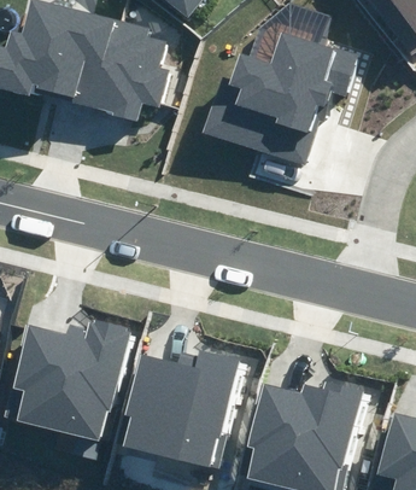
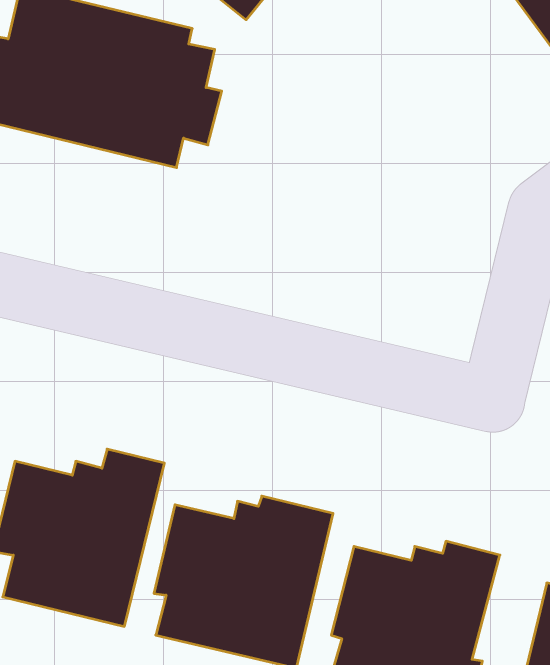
building: [204,31,358,165] -> none

